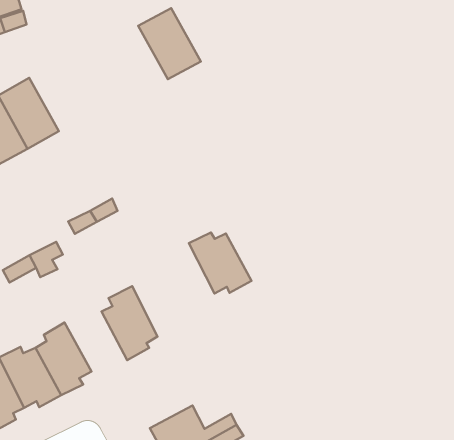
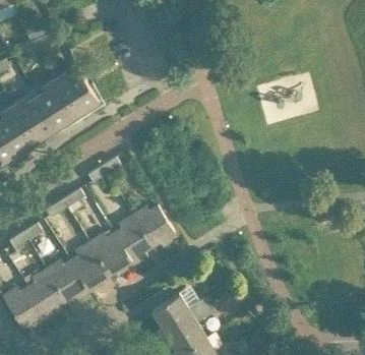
building: [138,8,201,79] -> [54,67,98,115]
building: [189,233,252,293] -> [132,208,176,248]
building: none -> [88,234,132,275]

